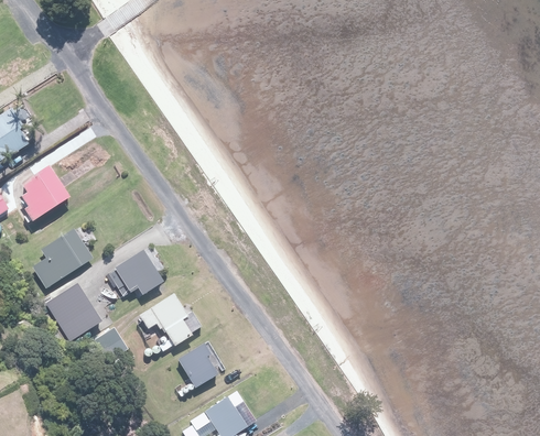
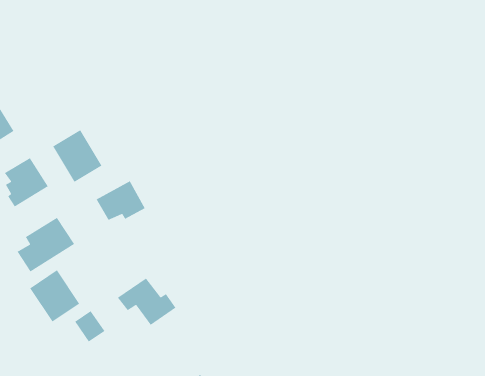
building: none -> [52,129,103,183]
building: [110,252,163,295] -> [96,180,146,221]
building: [177,345,217,388] -> none

